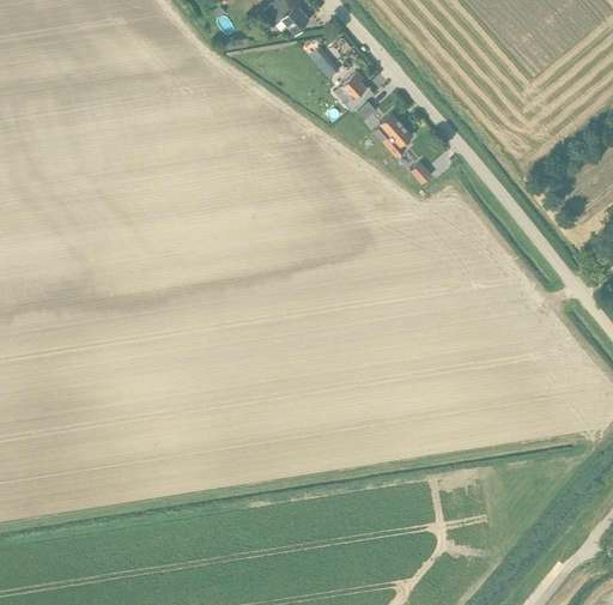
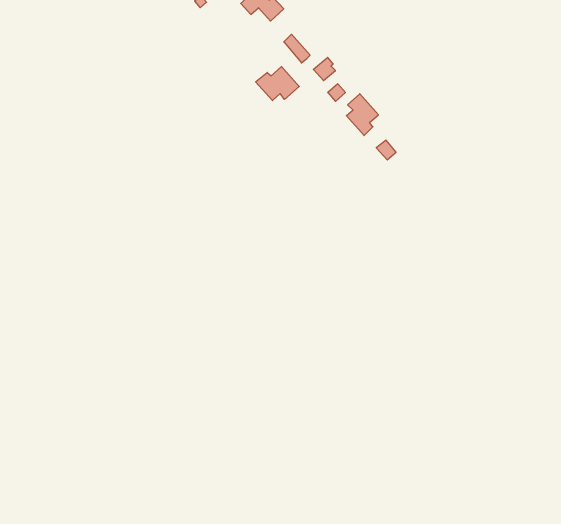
building: none -> [256,67,299,101]

